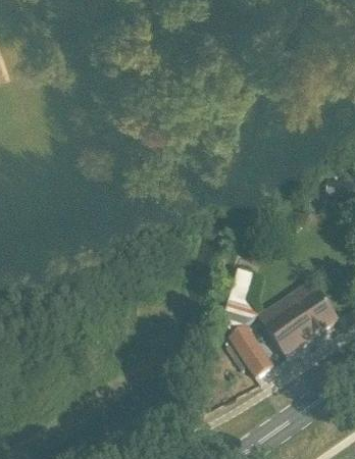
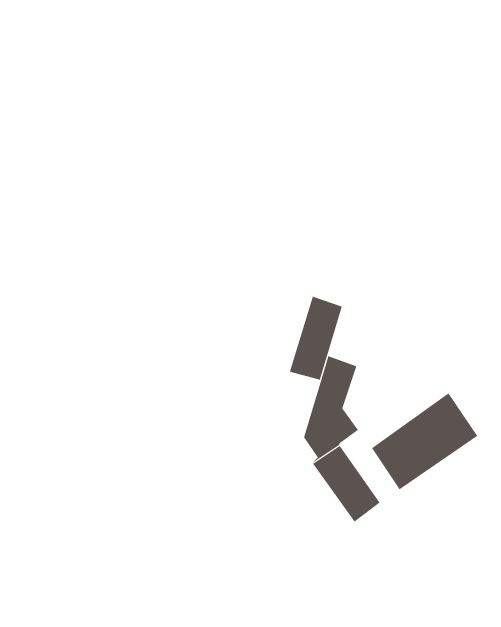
building: none -> [289,296,342,380]

